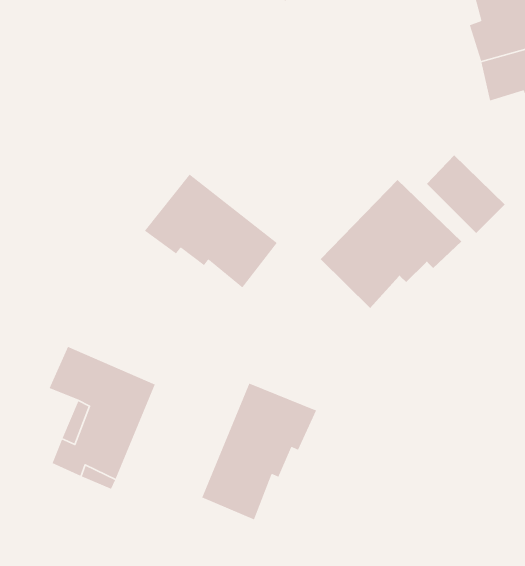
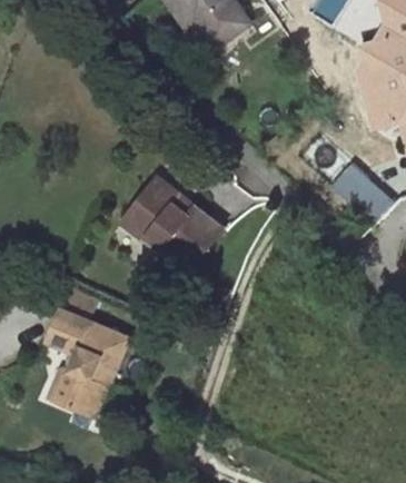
building: [320,179,462,309] -> none
building: [201,382,317,520] -> none

